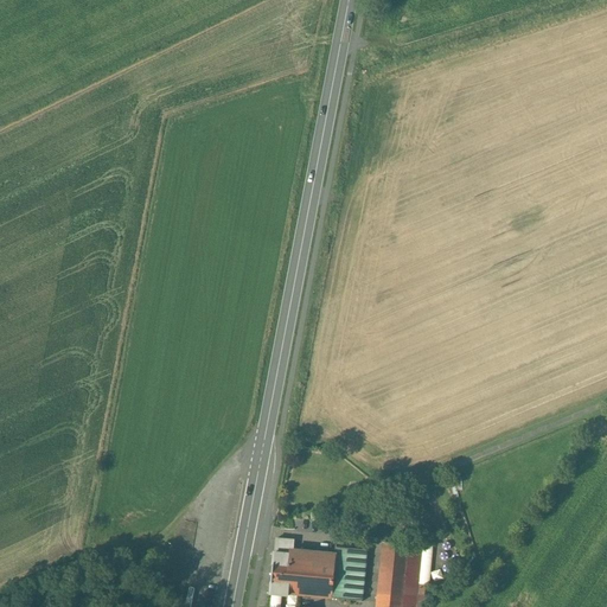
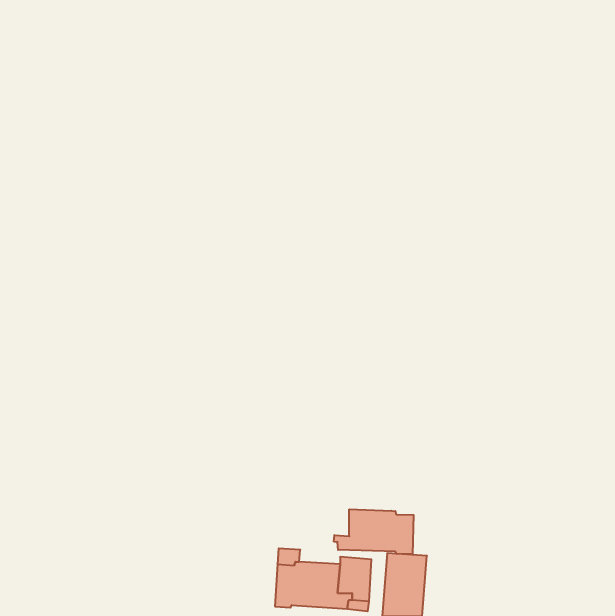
building: none -> [334,509,414,554]

